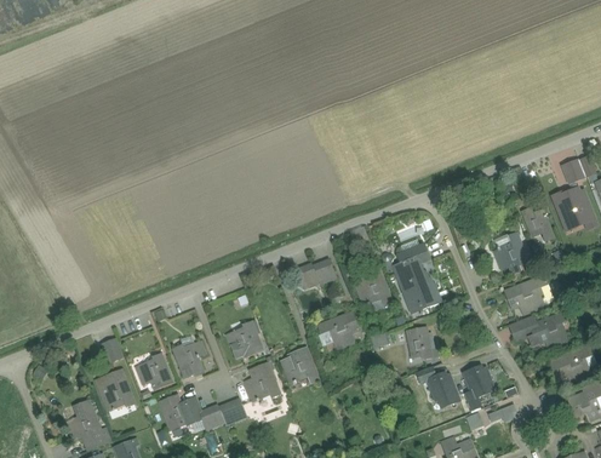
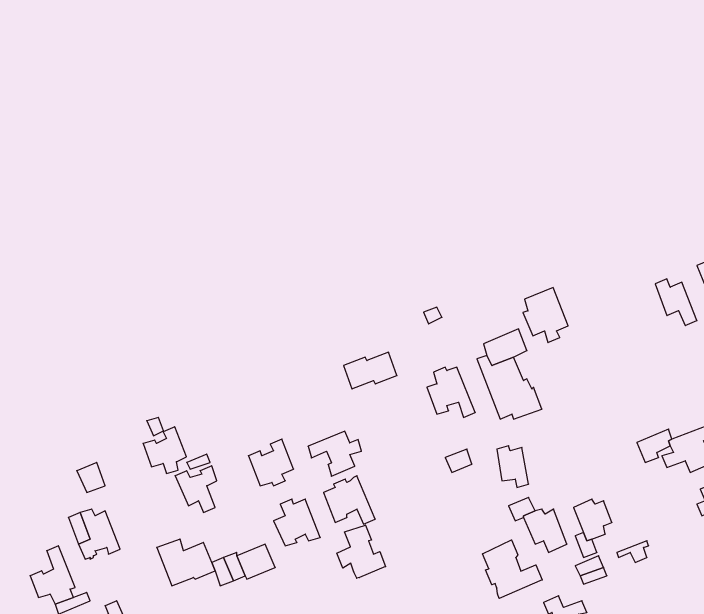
building: [493,231,526,271] -> [523,288,568,343]
building: [506,275,546,311] -> none
building: [319,315,357,348] -> [308,431,361,476]
building: [137,354,168,388] -> [143,427,186,473]
building: none -> [337,525,386,578]
building: none -> [483,540,542,598]

